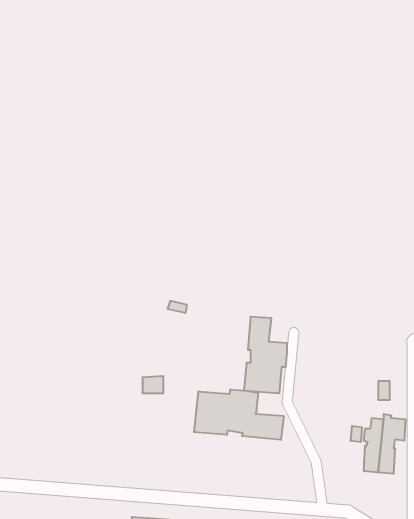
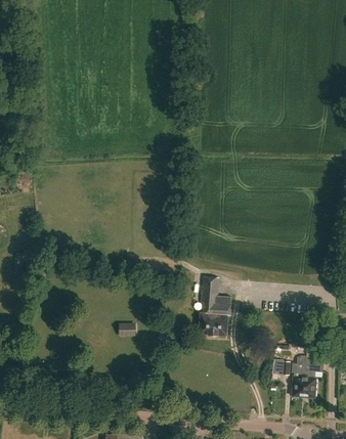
building: [194,389,284,440] -> none

